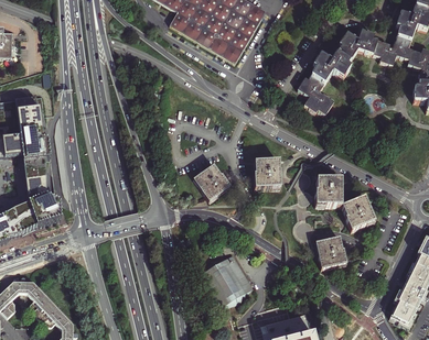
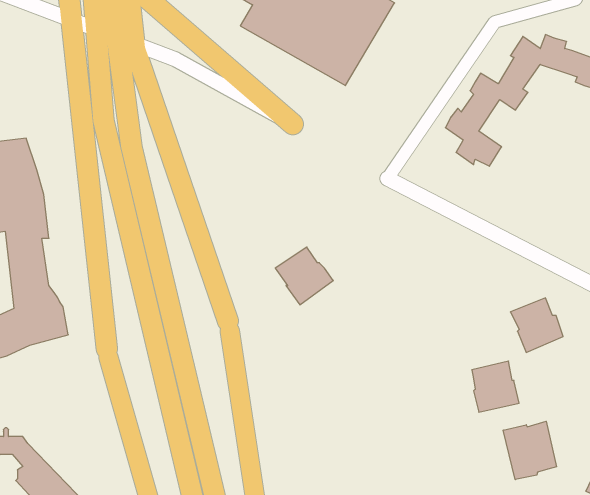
building: [253,160,279,188] -> none
building: [313,178,340,205] -> none
building: [196,253,251,307] -> none
building: none -> [503,421,556,480]

